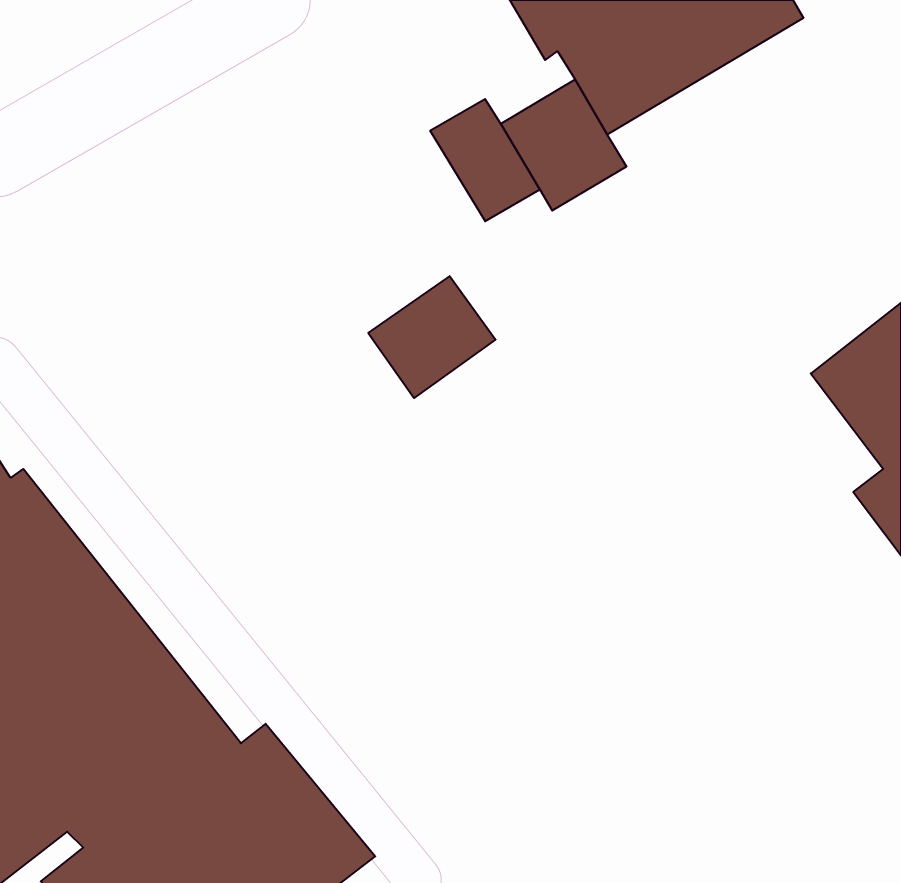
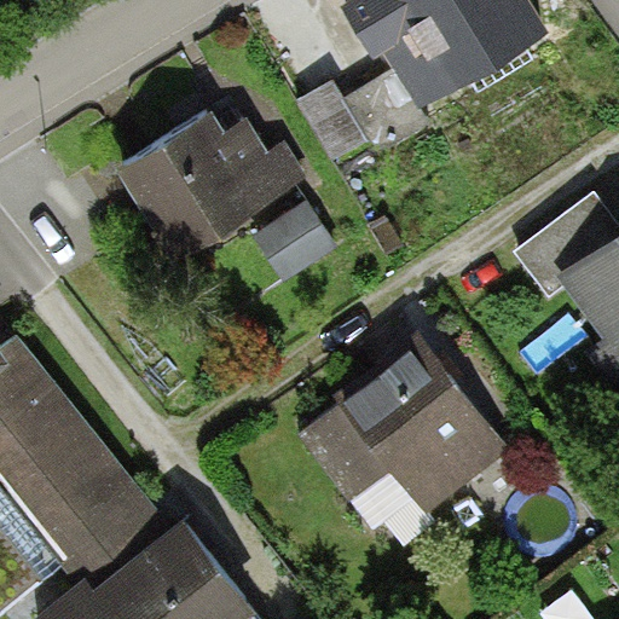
building: none -> [115,103,306,256]
building: none -> [297,330,510,532]

